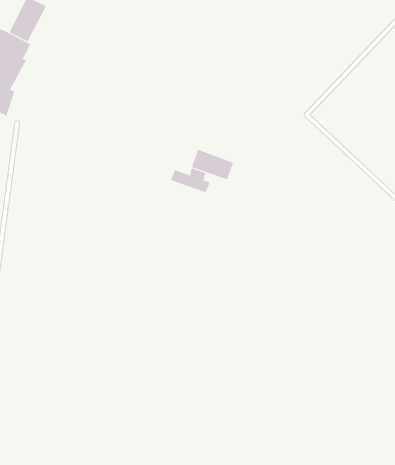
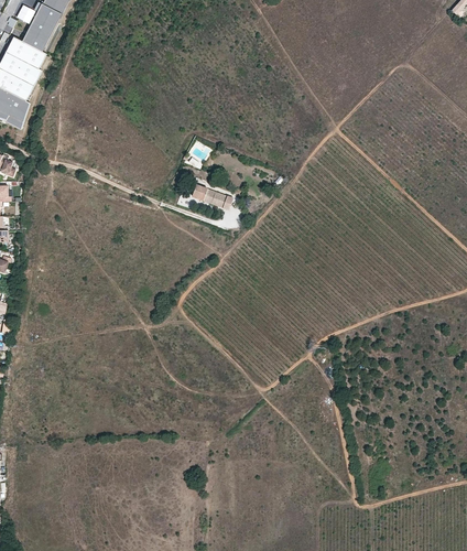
building: [191,149,234,180] -> none

